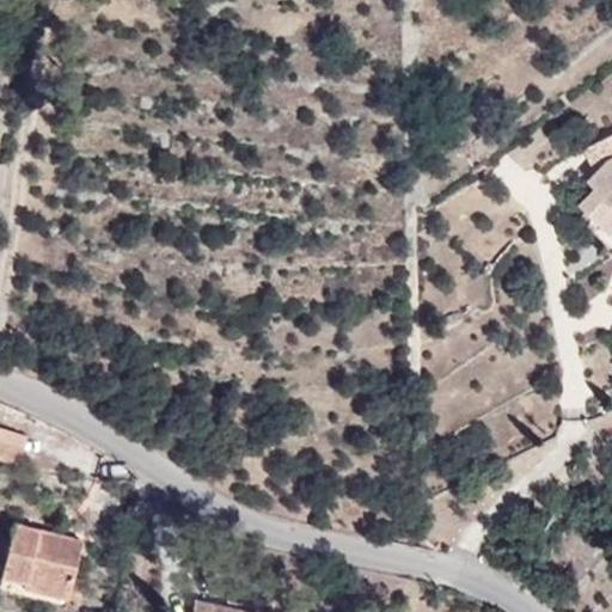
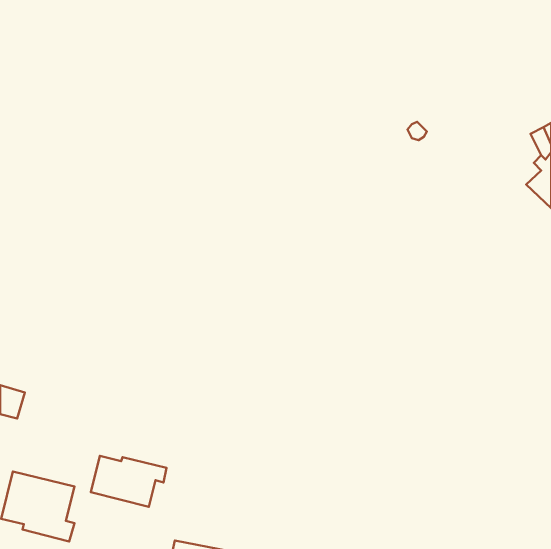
building: none -> [91,456,166,507]

